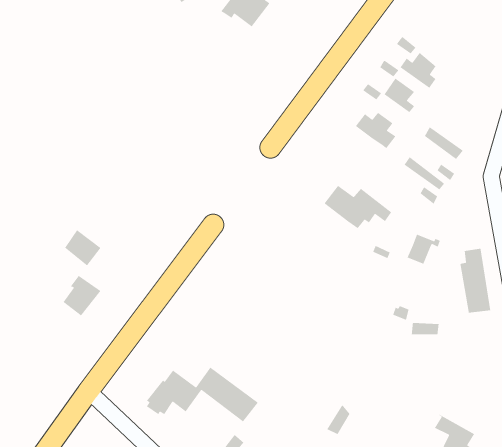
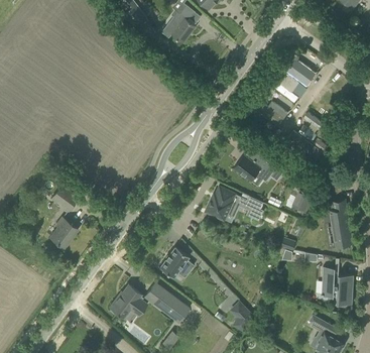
building: none -> [206,186,263,219]
building: none -> [158,246,194,278]
building: none -> [322,266,354,304]

